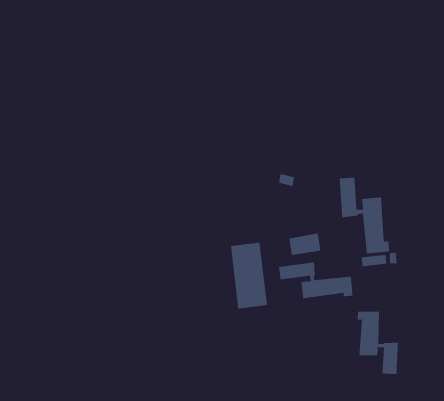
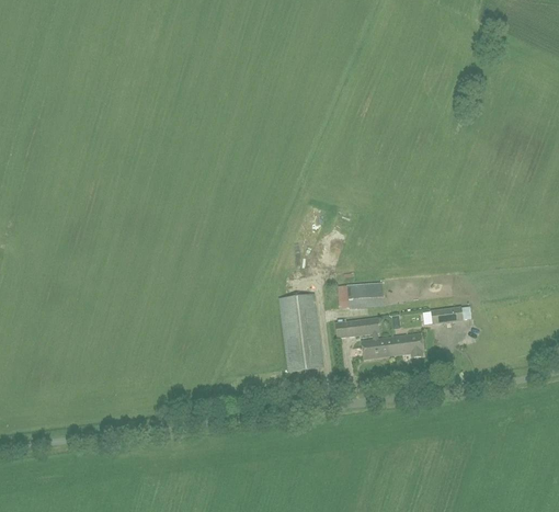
building: [339,177,390,254] -> none
building: [357,311,399,375] -> none

